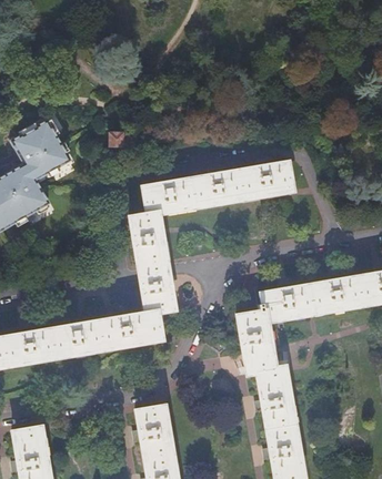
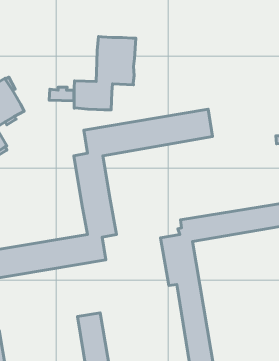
building: none -> [74,37,136,110]

